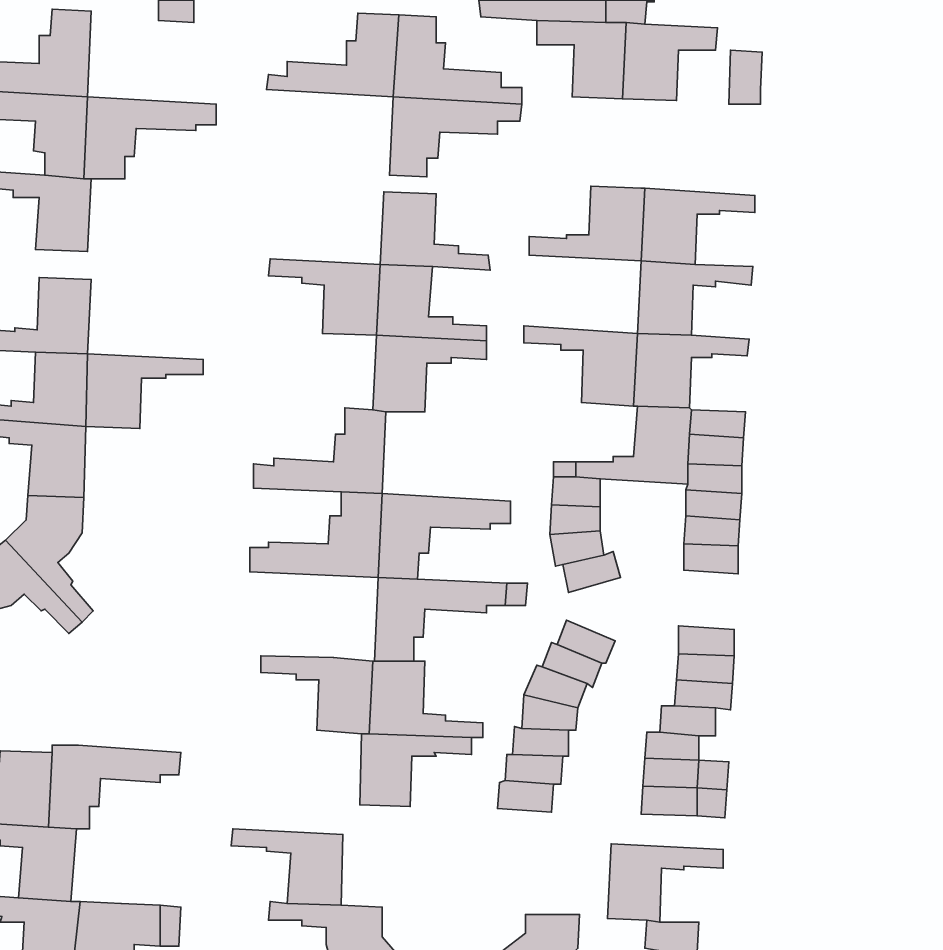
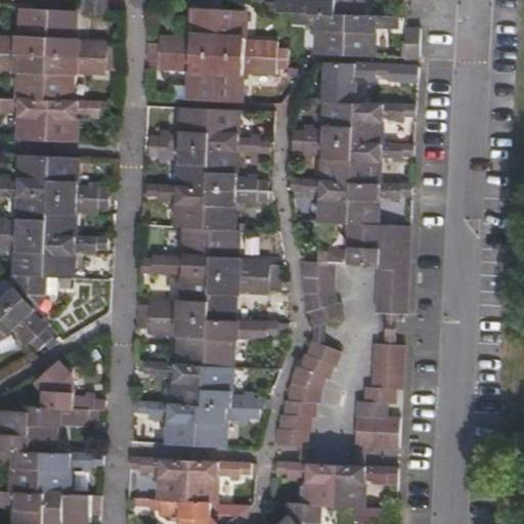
building: none -> [48,7,120,58]
building: none -> [146,50,216,97]
building: none -> [323,63,418,104]
building: none -> [48,99,112,141]
building: none -> [148,104,211,146]
building: none -> [290,141,352,184]
building: none -> [48,155,112,199]
building: none -> [145,182,207,226]
building: none -> [210,227,280,276]
building: none -> [46,235,110,276]
building: none -> [136,315,208,364]
building: none -> [36,366,104,414]
building: none -> [136,401,199,443]
building: none -> [39,456,101,497]
building: none -> [187,460,250,499]
building: none -> [273,463,336,506]

